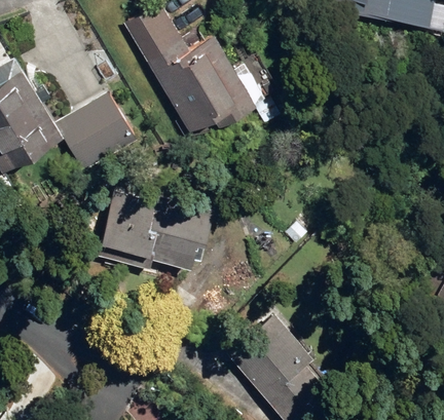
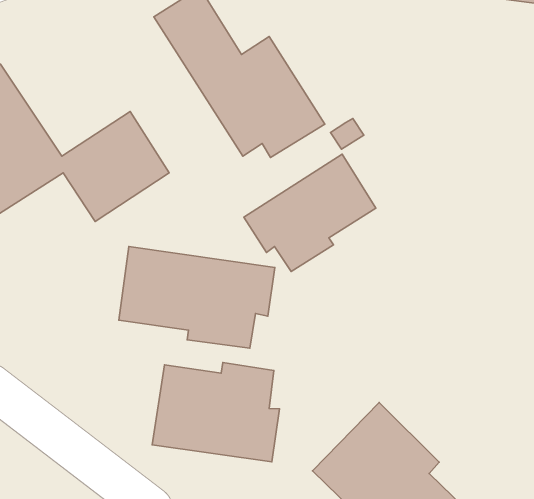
building: none -> [244,154,376,271]
building: none -> [152,363,280,462]

